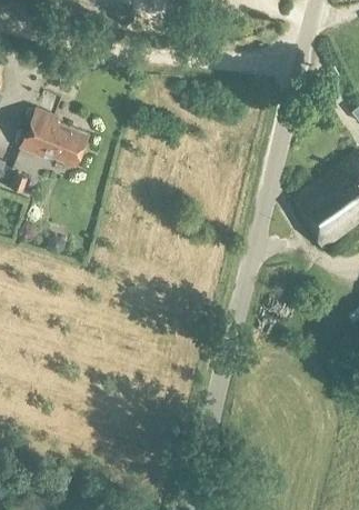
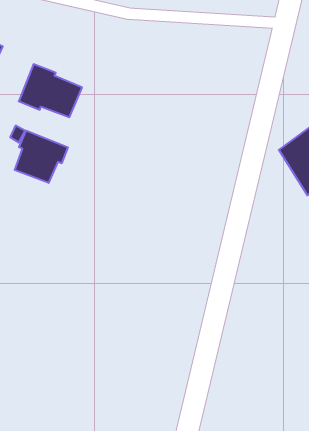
building: none -> [15,131,68,183]

